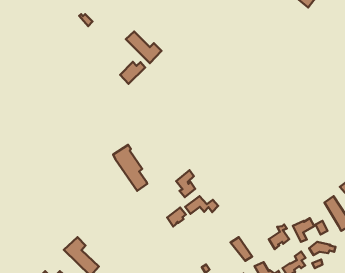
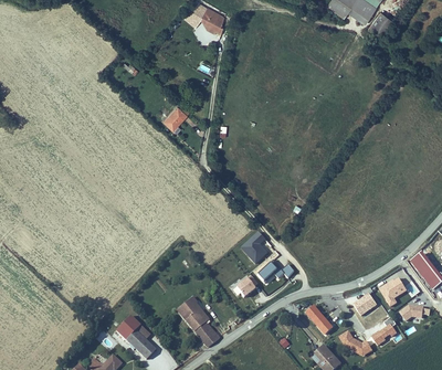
building: [126,31,162,63] -> none
building: [113,145,147,191] -> [177,294,218,346]

